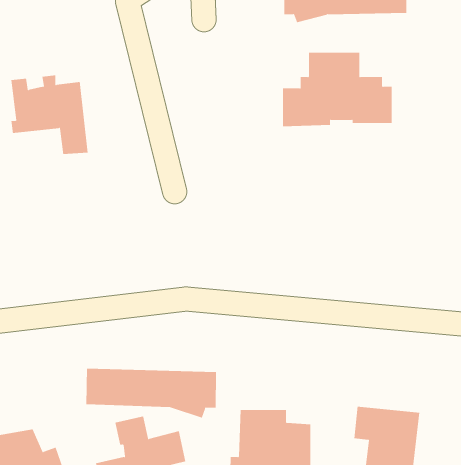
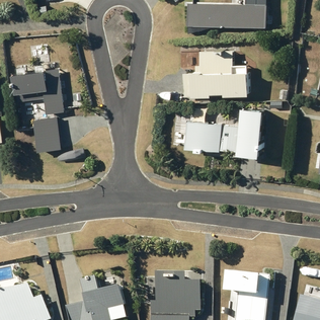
building: none -> [188,109,267,157]
building: none -> [35,117,61,153]
building: [86,368,217,419] -> none

